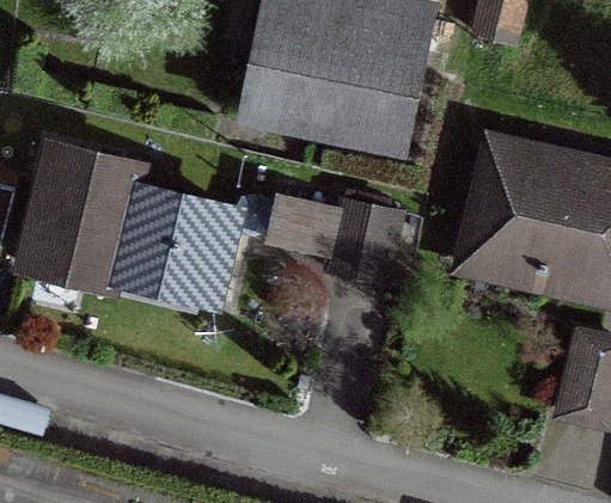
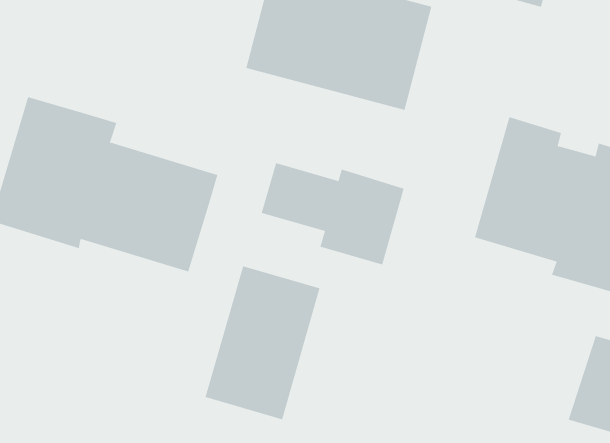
building: none -> [205,265,320,420]

